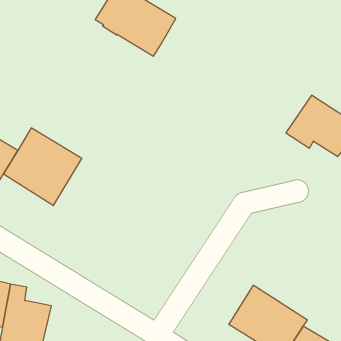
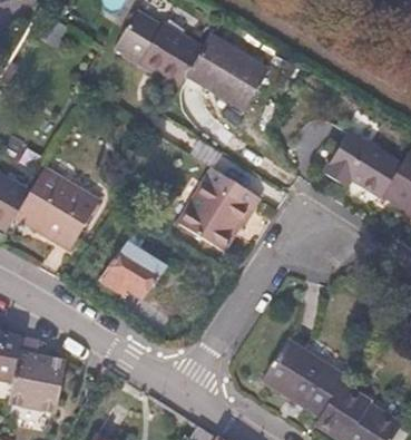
building: none -> [186,33,270,110]
building: none -> [177,167,261,251]
building: none -> [101,229,165,299]

